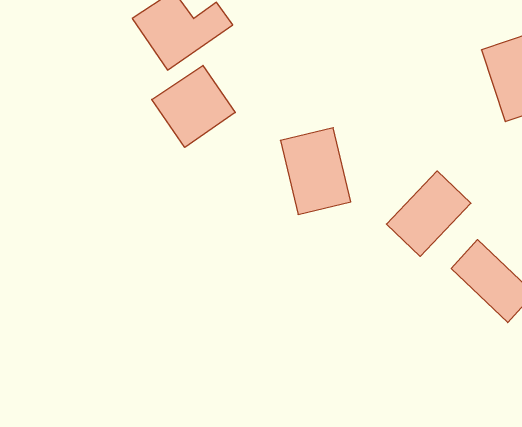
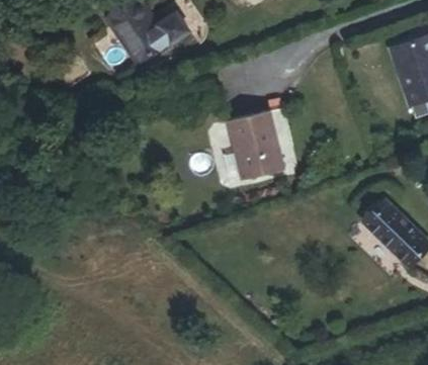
building: [152,65,235,147] -> none
building: [386,171,471,256] -> none

